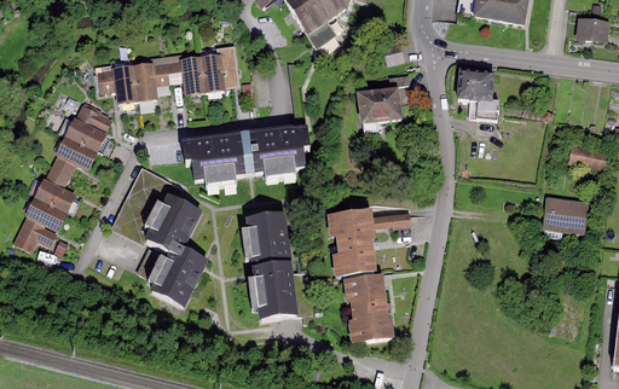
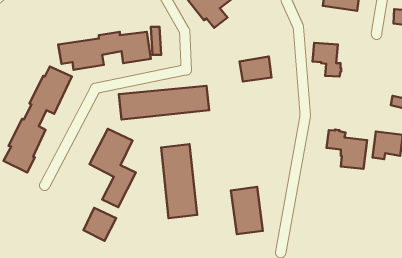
building: none -> [326,129,367,169]
building: [325,211,410,280] -> none
building: none -> [84,208,116,241]

